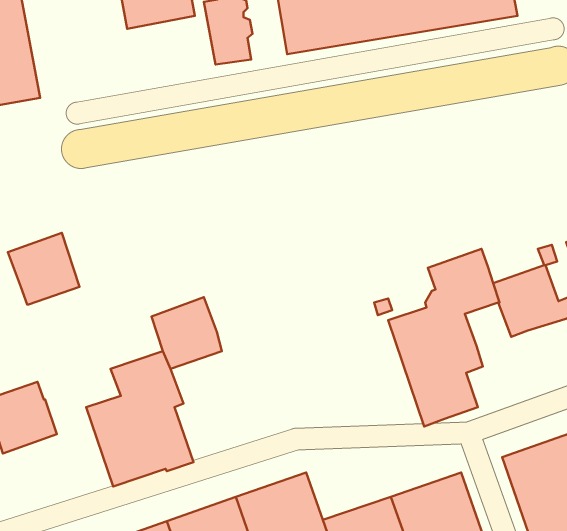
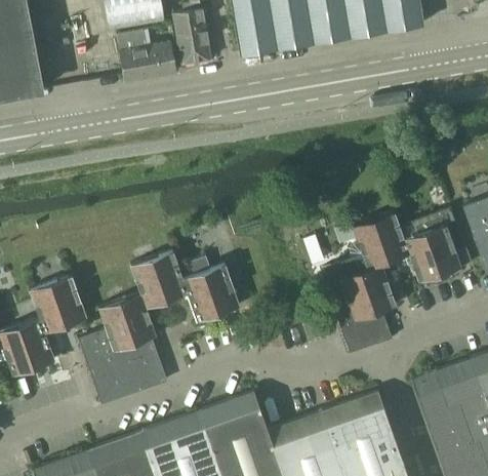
building: none -> [117,29,176,82]
building: [8,233,80,305] -> [30,275,87,332]
building: none -> [184,256,240,321]

